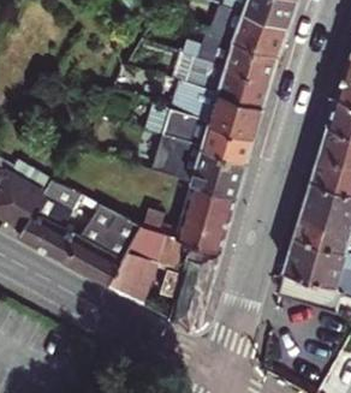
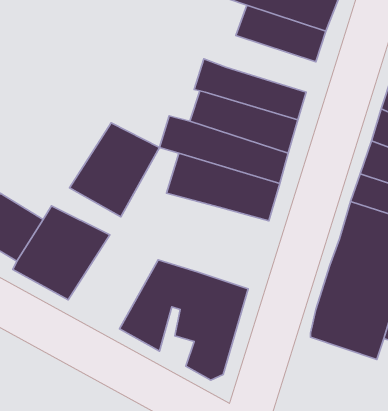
building: [203,31,281,81] -> none
building: [179,180,240,251] -> none
building: [66,204,144,286] -> [70,123,160,217]

